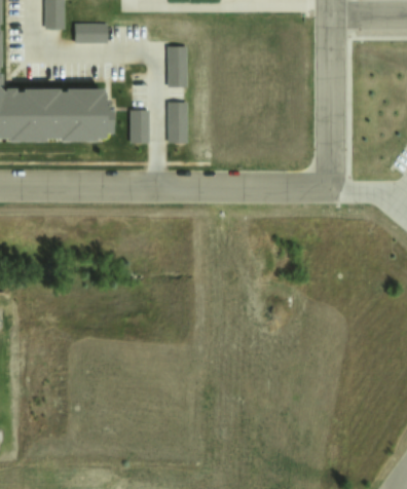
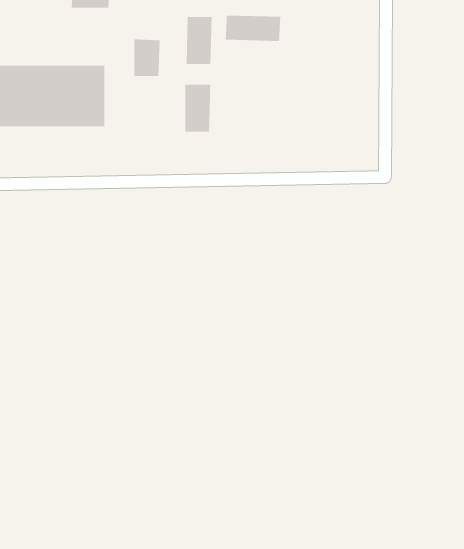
building: none -> [225,15,281,42]
building: [131,112,152,143] -> [134,39,160,77]

